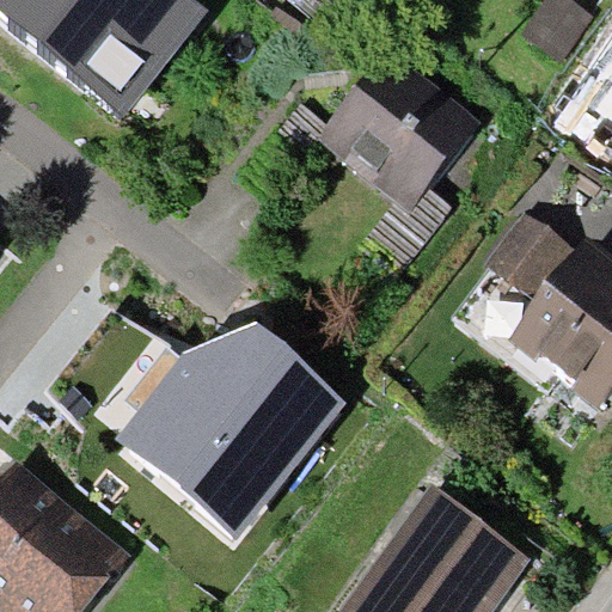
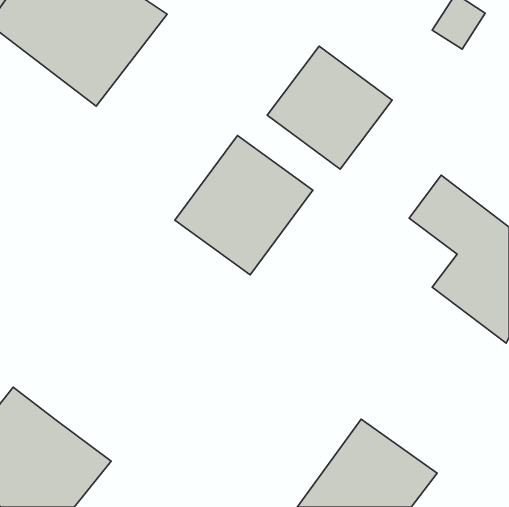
building: none -> [175,135,313,275]
building: [114,323,351,539] -> none

